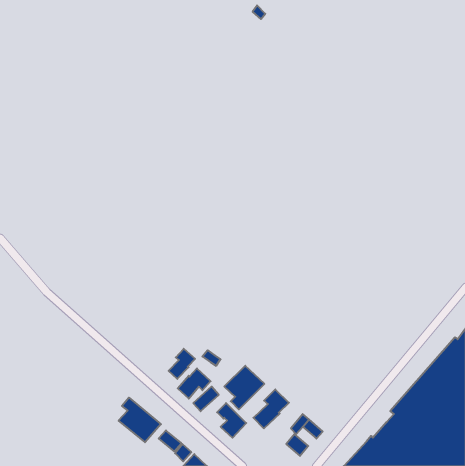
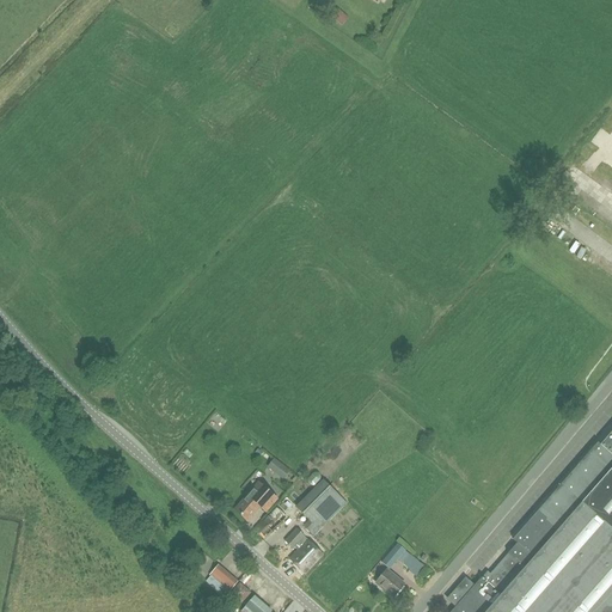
building: [169,349,195,379] -> none
building: [253,389,289,428] -> none
building: [119,398,161,442] -> none

